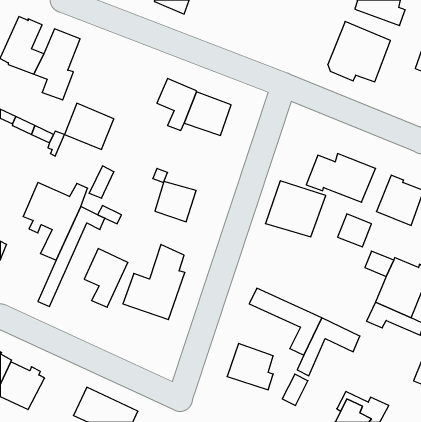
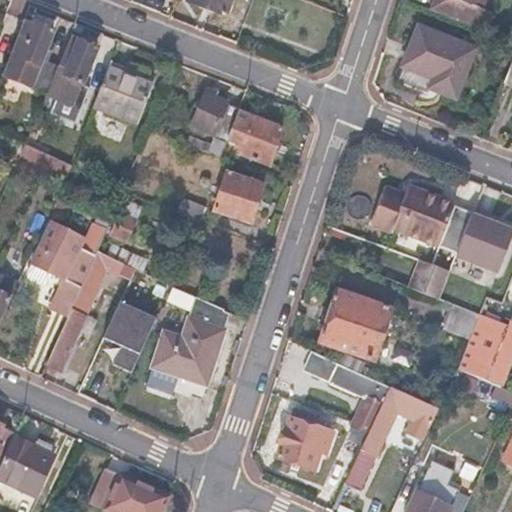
building: [64,103,114,149] -> [91,67,151,123]
building: [265,181,326,237] -> [319,290,392,358]
building: [155,181,196,222] -> [214,173,264,222]

